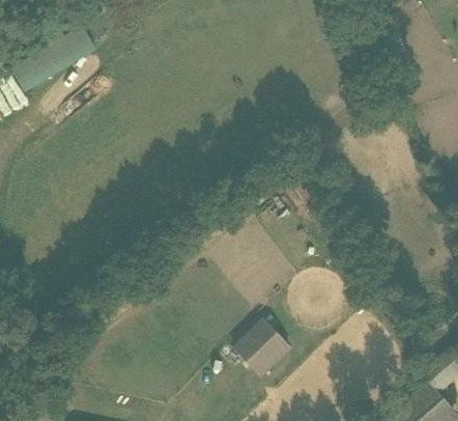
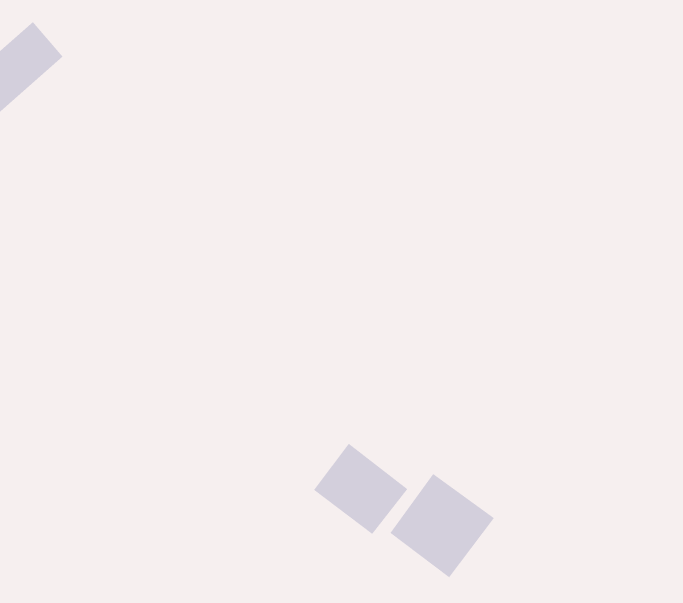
building: none -> [313,443,408,535]

